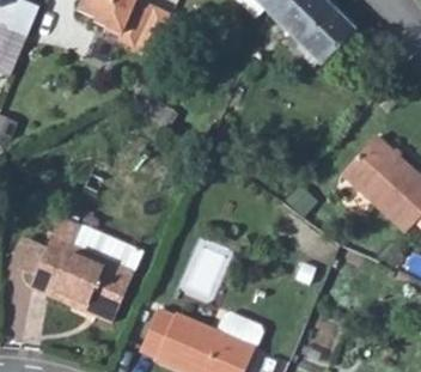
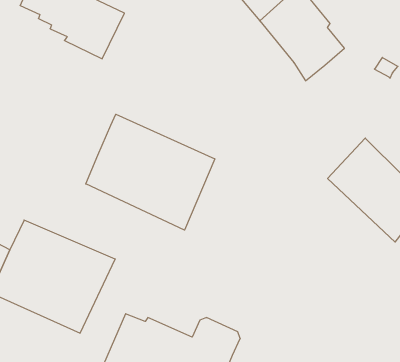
building: none -> [86,114,215,230]

